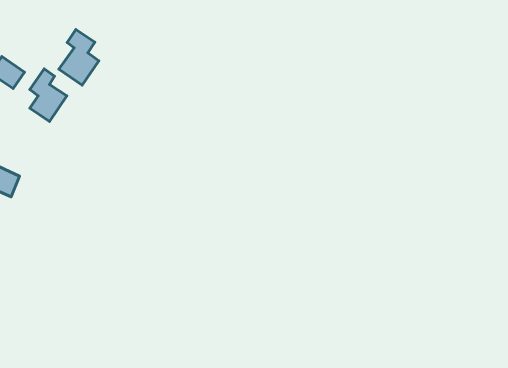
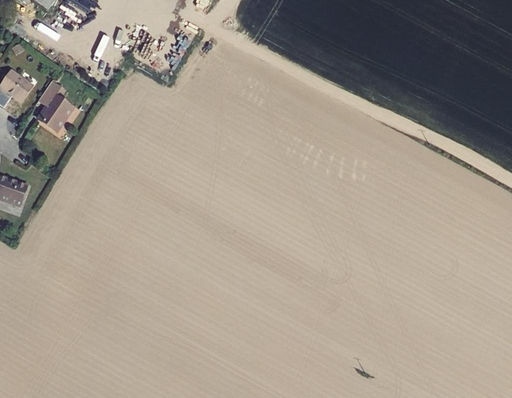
building: [59,29,99,85] -> none

